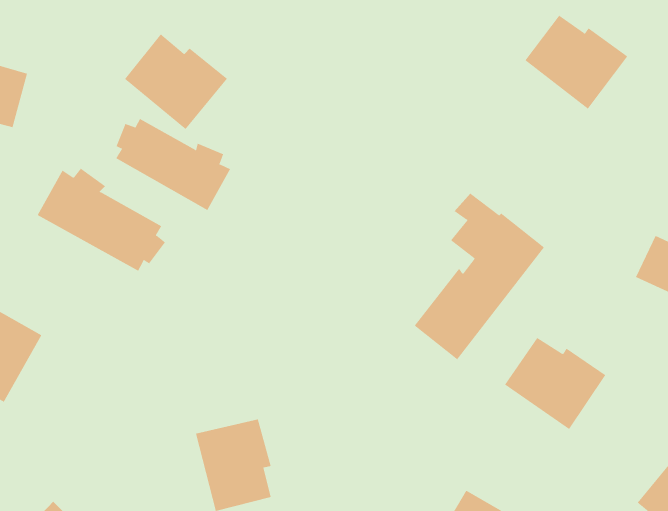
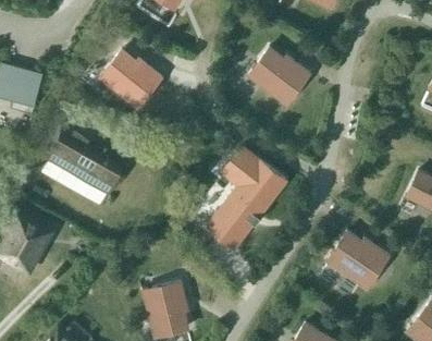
building: [524,15,628,109] -> [248,48,310,105]
building: [115,118,231,211] -> none
building: [414,193,545,360] -> [207,147,285,247]

